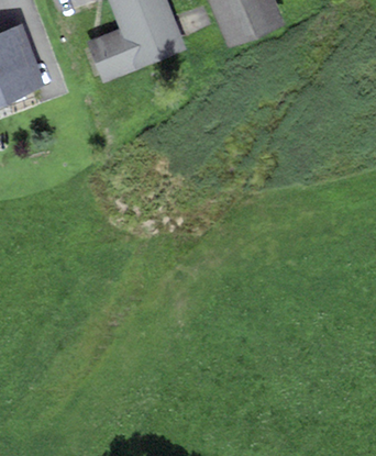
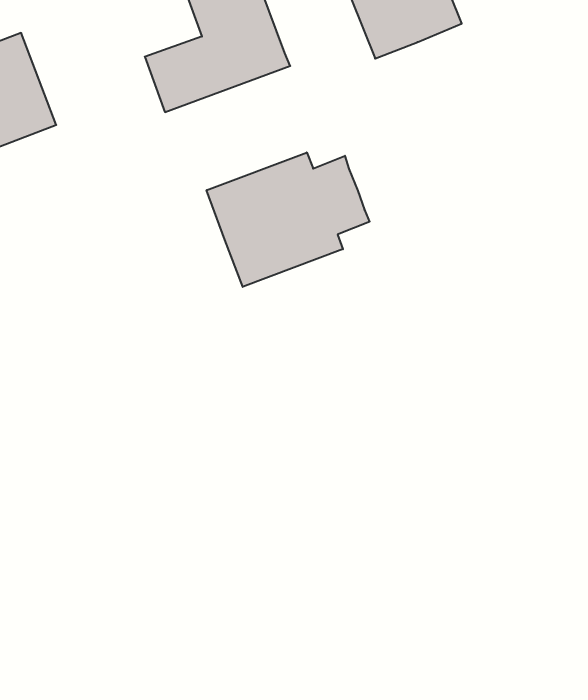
building: none -> [207,152,370,287]

